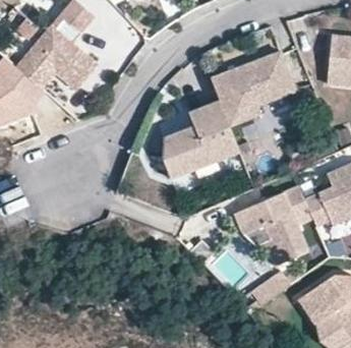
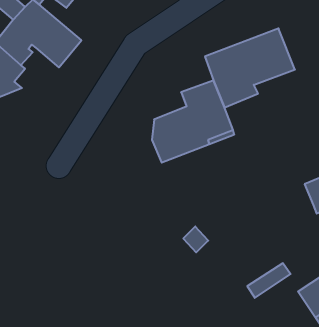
building: [235,185,313,265] -> none

